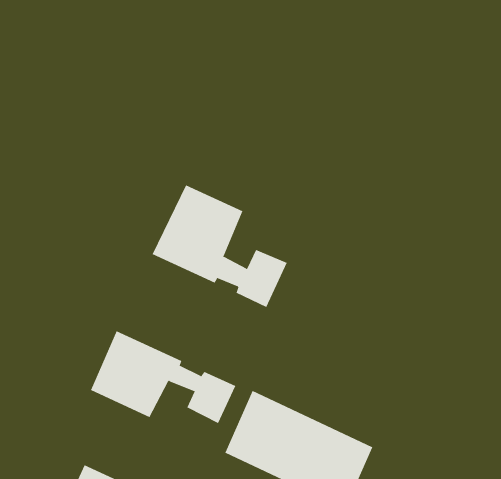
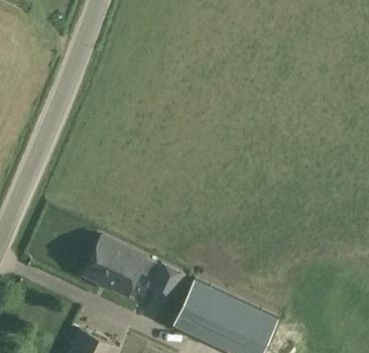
building: [152,184,287,308] -> none

